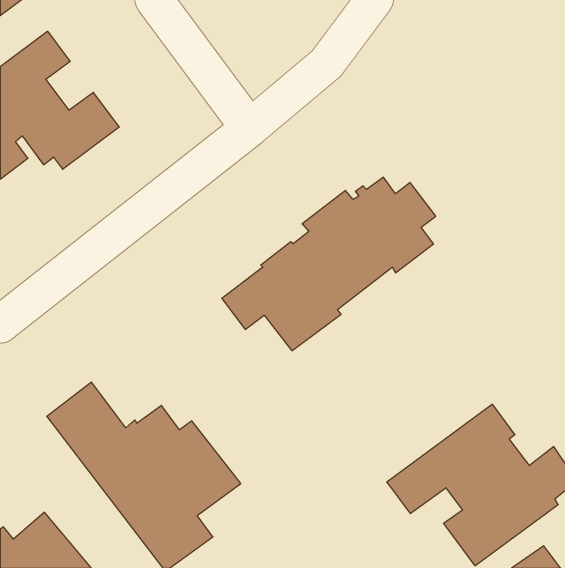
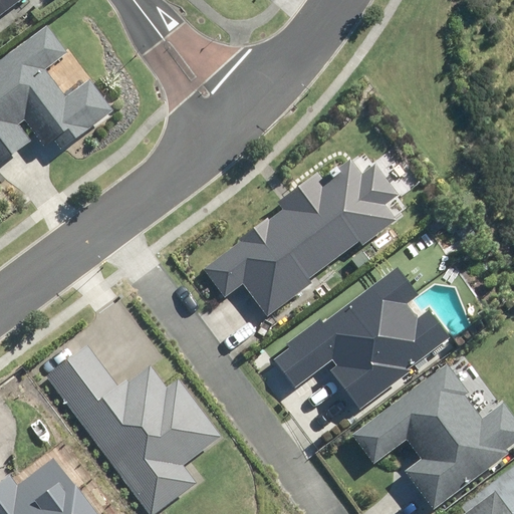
building: none -> [274,268,447,409]

